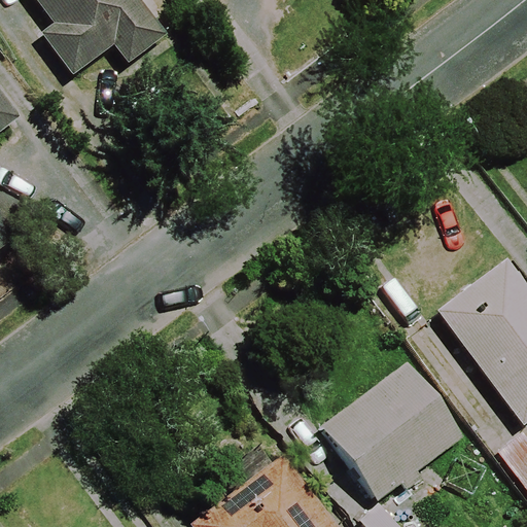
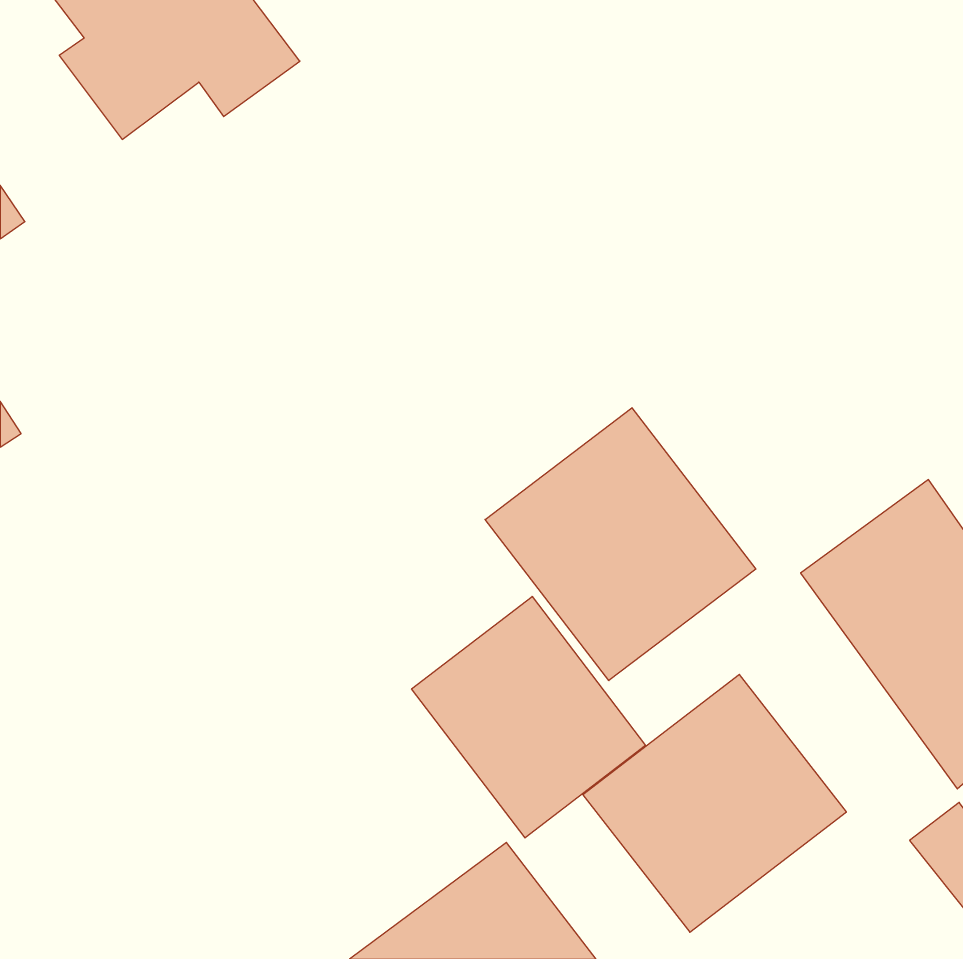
building: none -> [485,408,756,681]
building: none -> [412,596,646,838]

